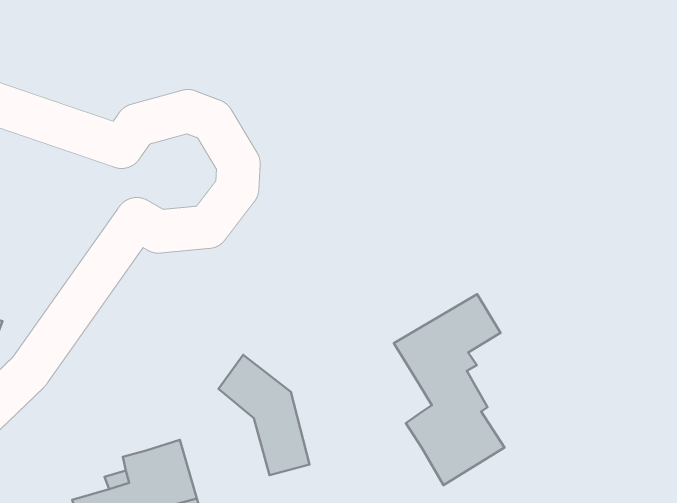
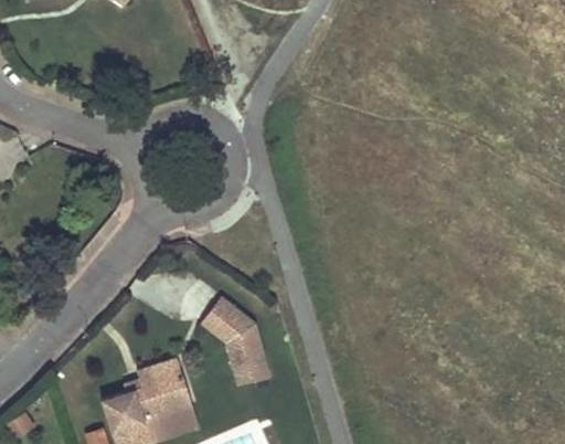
building: [394,294,504,485] -> none

